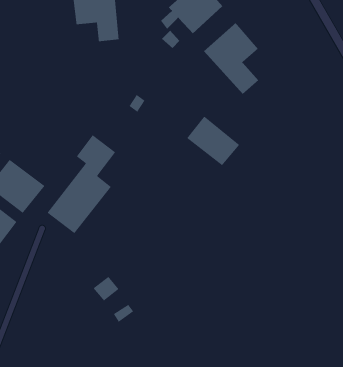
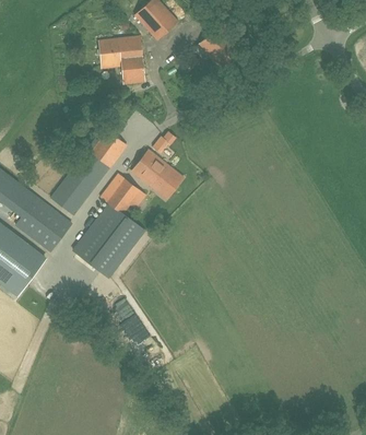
building: [203,22,259,95] -> none
building: none -> [50,130,126,214]
building: [186,116,240,166] -> [131,150,184,199]

